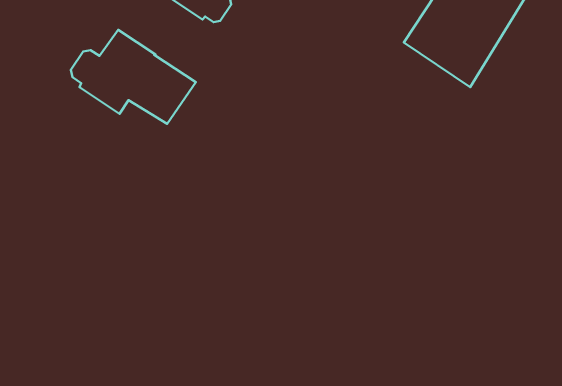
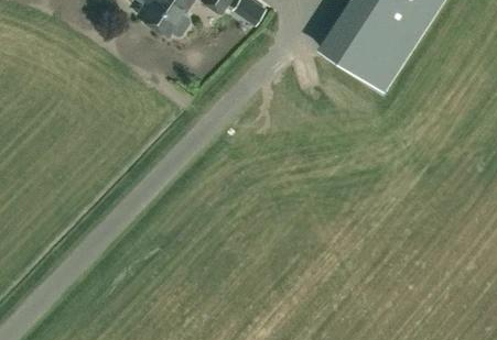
building: [71,30,196,124] -> none

